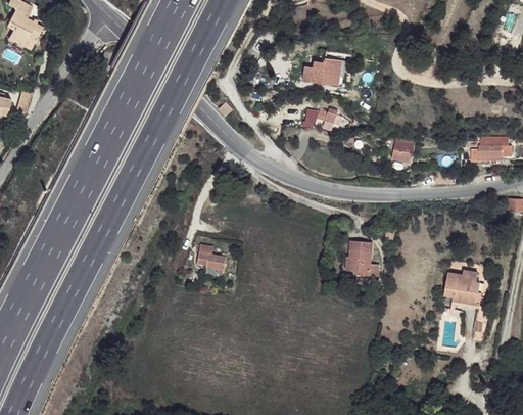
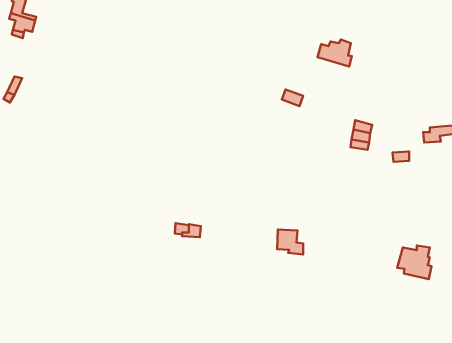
building: [310,61,347,91] -> [317,40,352,66]
building: [348,248,377,276] -> [277,230,303,255]

